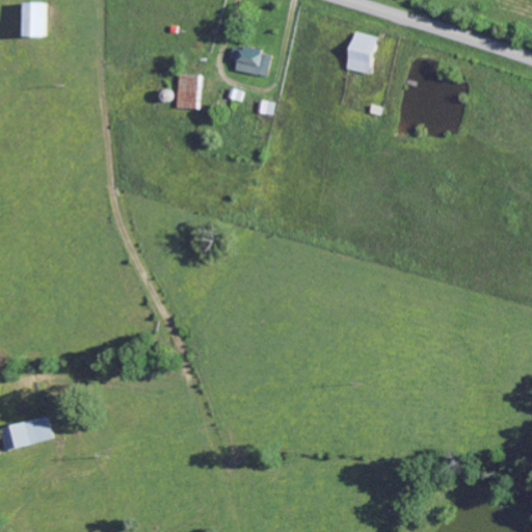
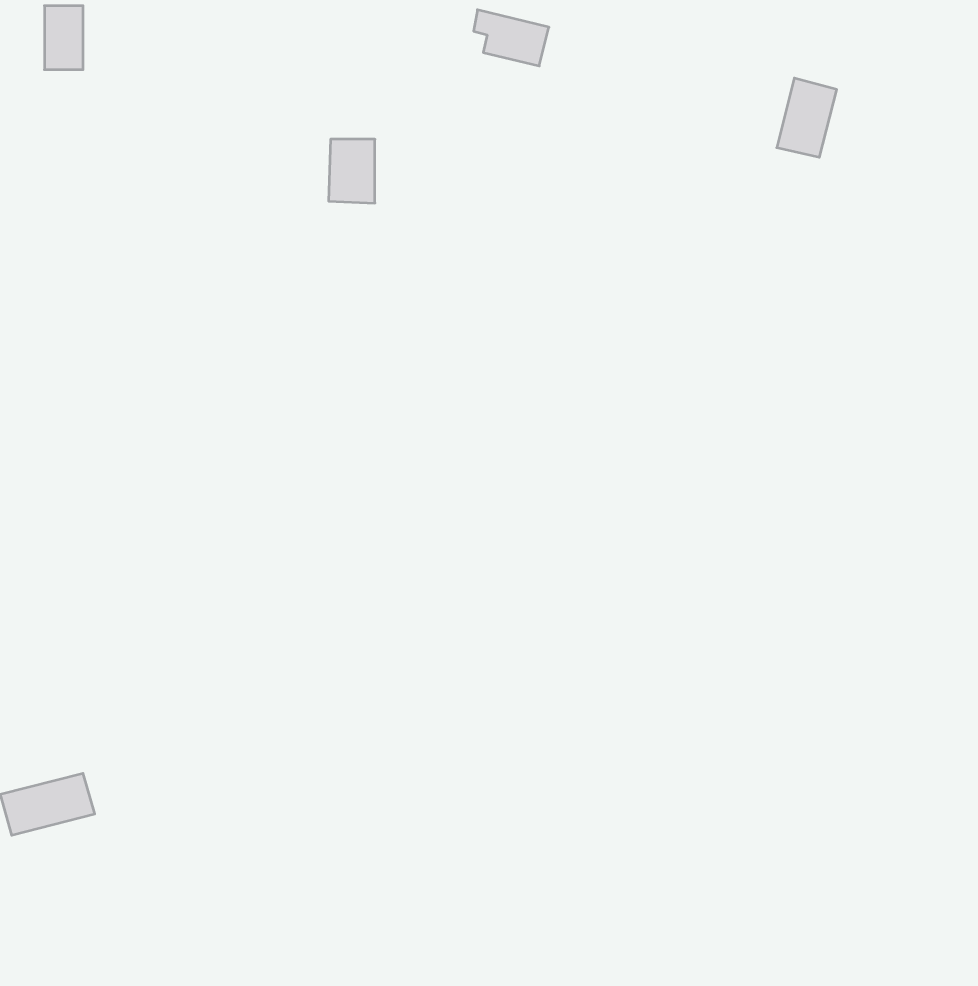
building: [345,31,377,74] -> [777,78,837,157]
building: [230,47,270,77] -> [474,10,549,66]

